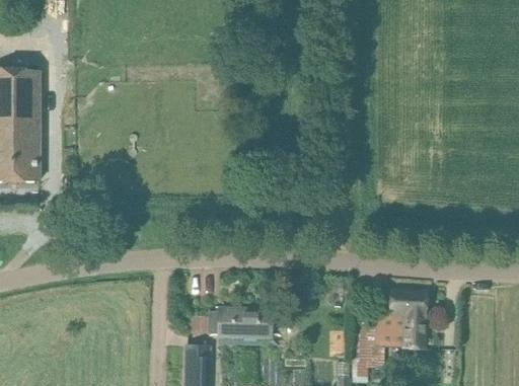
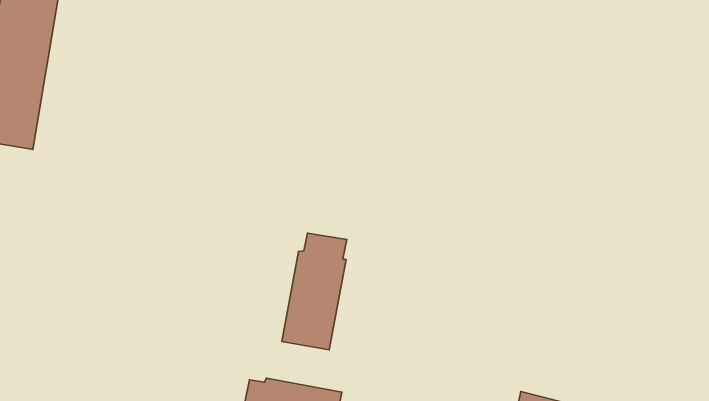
building: none -> [282,233,347,350]

